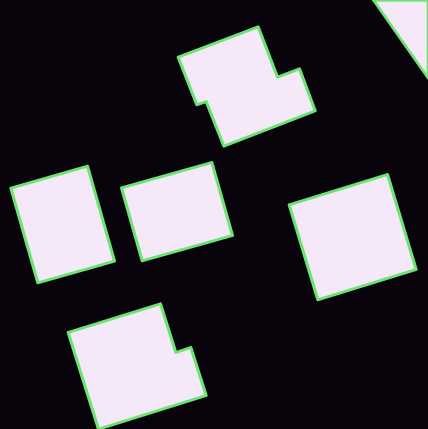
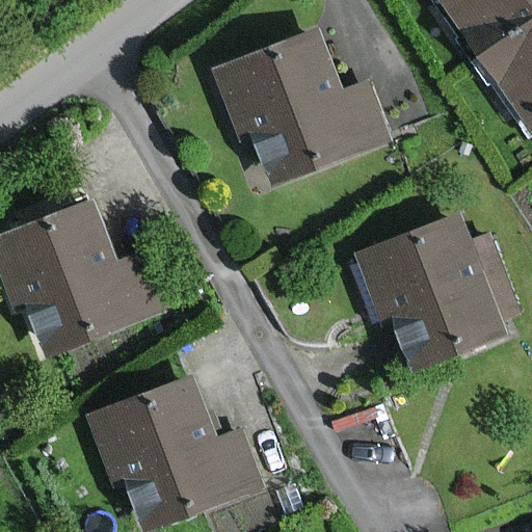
building: [122,163,233,261] -> none

